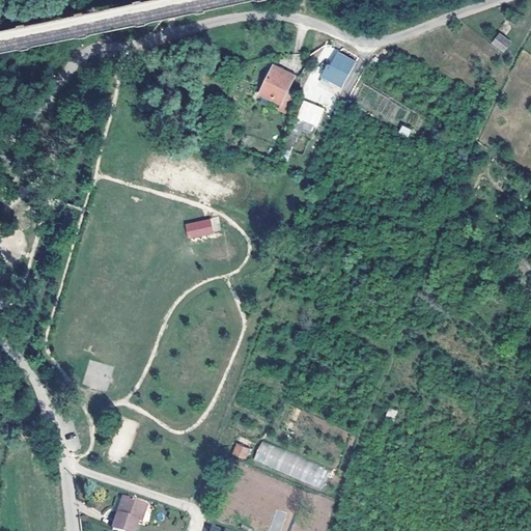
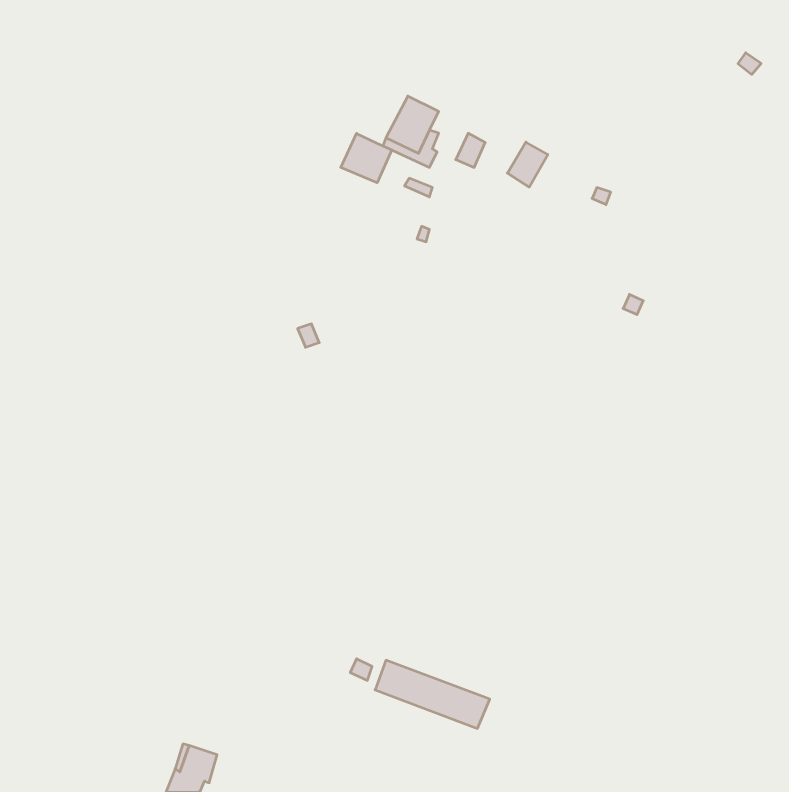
building: [325,52,352,82] -> [507,142,548,187]
building: none -> [341,133,392,183]

